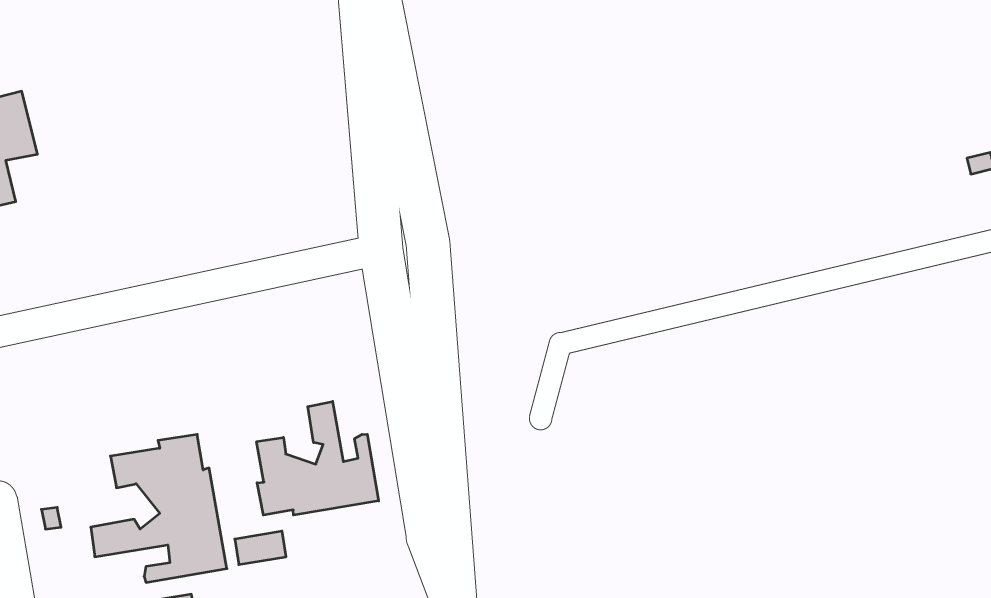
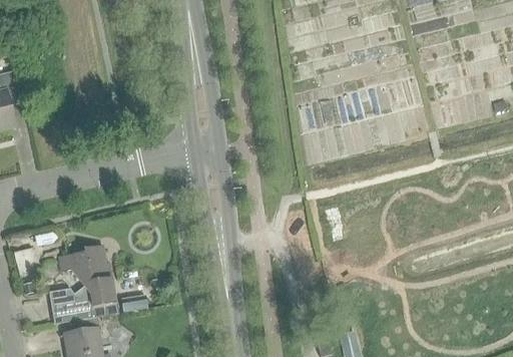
building: [257,401,379,515] -> none

